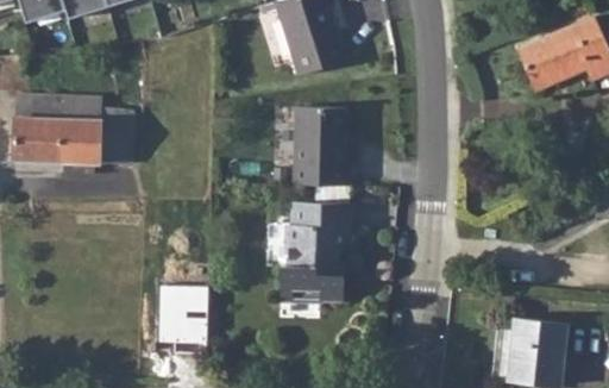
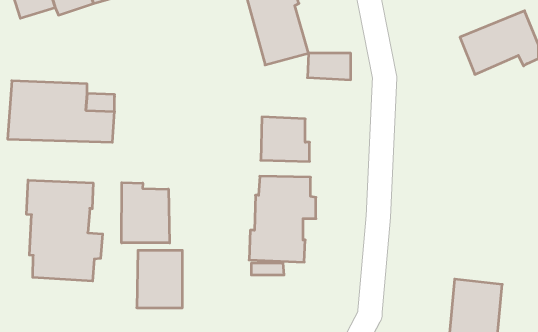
building: [295,107,344,137] -> [307,53,351,80]
building: none -> [27,180,103,281]
building: none -> [122,183,170,243]

